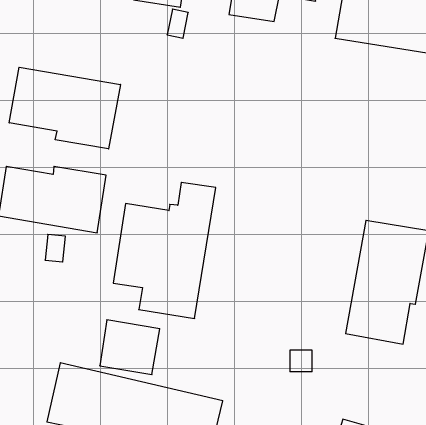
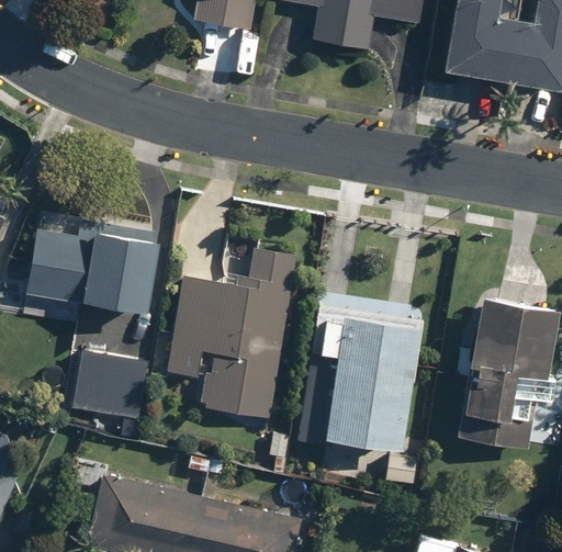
building: [9,67,120,149] -> none
building: none -> [297,311,420,449]
building: [100,320,160,375] -> [72,351,147,419]

